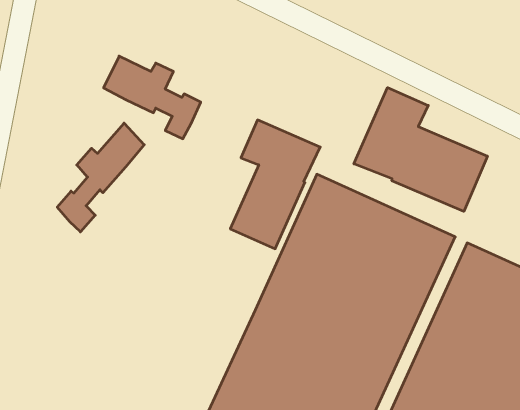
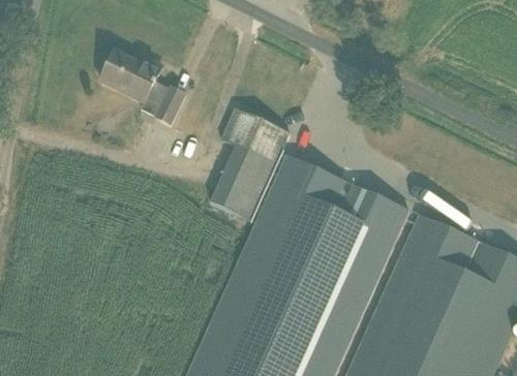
building: [354,88,487,211] -> none
building: [57,123,144,232] -> none

